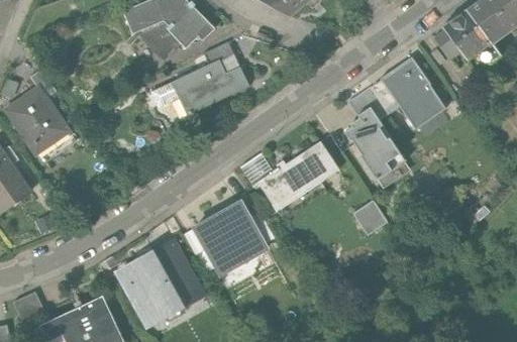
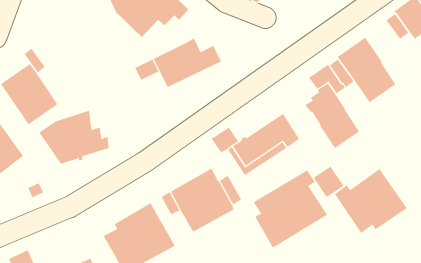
building: [205,40,242,72] -> none
building: none -> [39,110,109,164]
building: none -> [334,168,407,234]
building: none -> [253,170,328,249]

